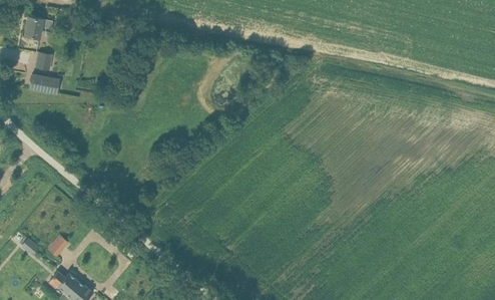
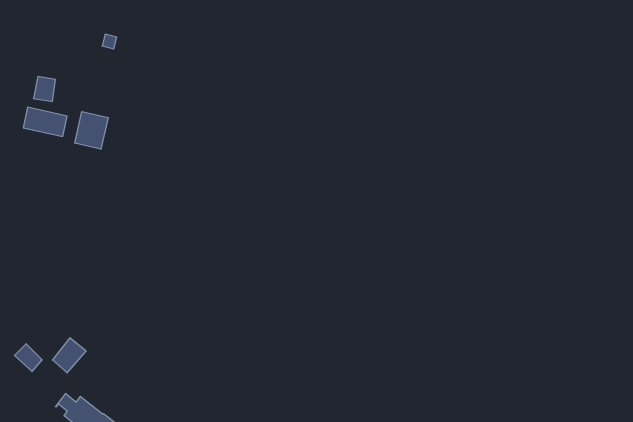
building: [24,17,51,39] -> none
building: none -> [75,112,108,149]

